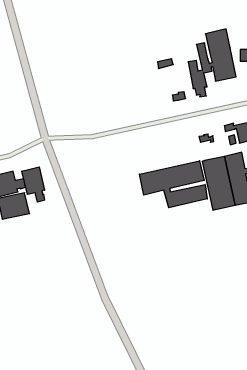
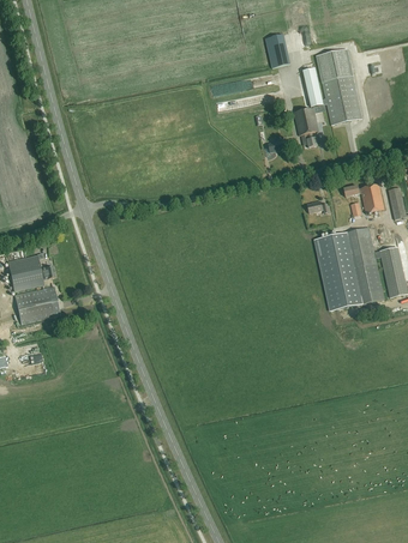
building: none -> [266,34,290,67]
building: [139,161,207,208] -> none
building: [22,167,45,202] -> none

